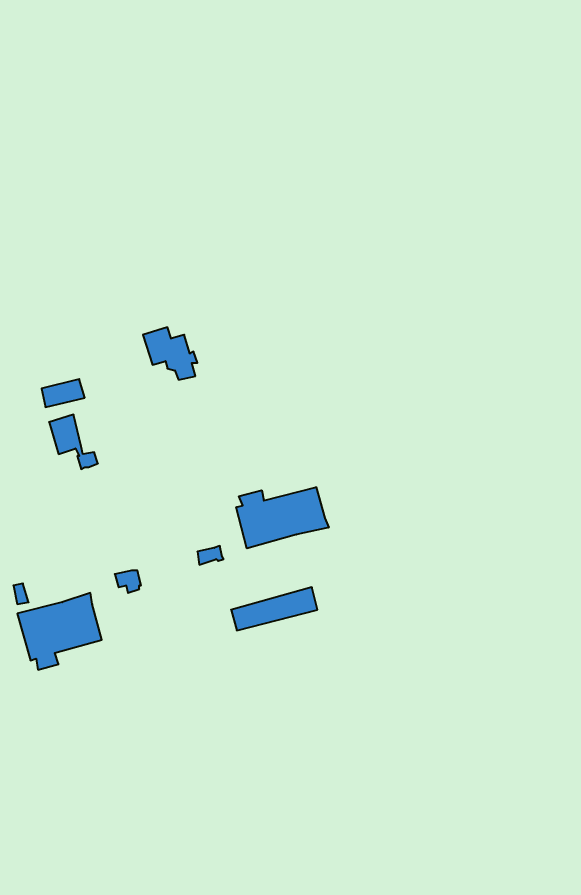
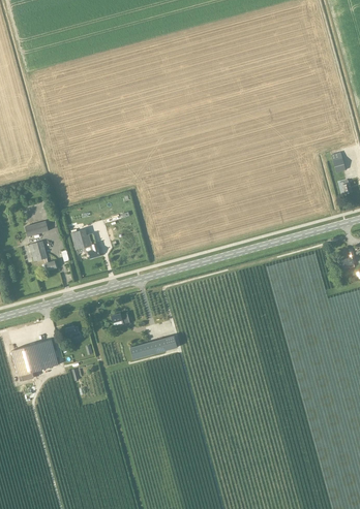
building: [143,327,197,380] -> [71,228,101,257]
building: [236,487,329,548] -> none

